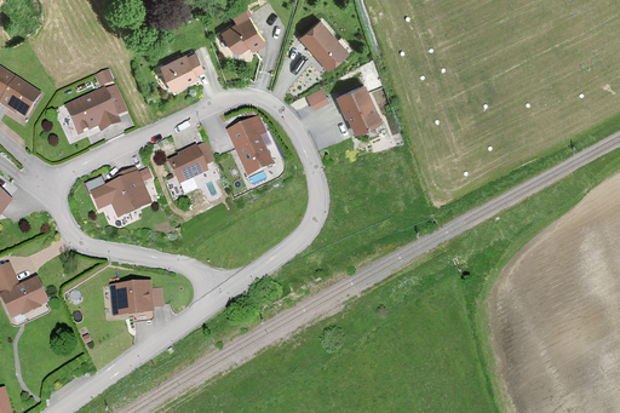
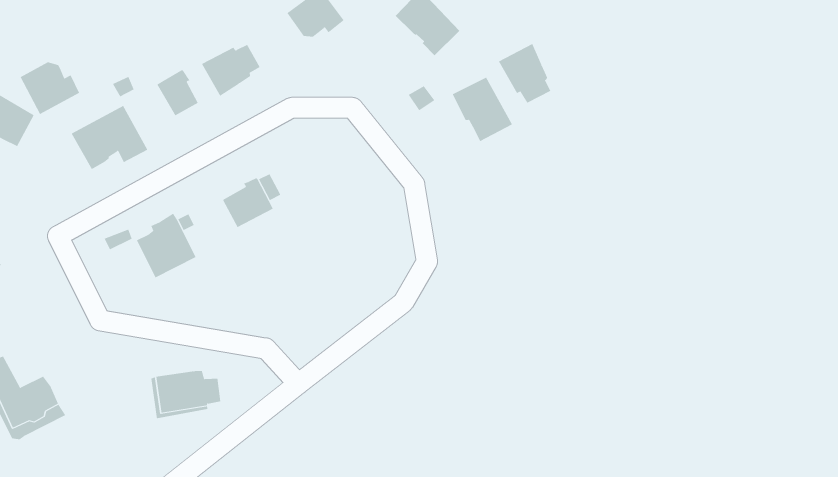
building: none -> [20,62,80,115]
building: none -> [498,43,551,103]
building: none -> [157,70,199,116]
building: [228,120,272,174] -> none

